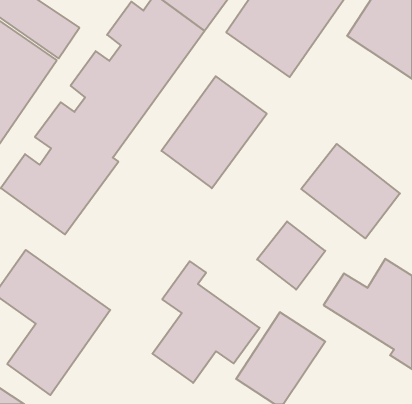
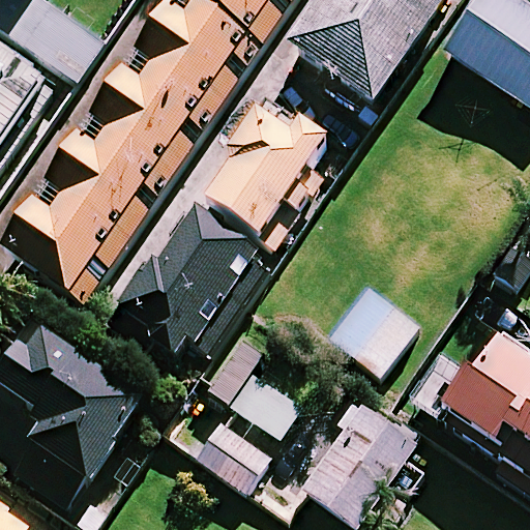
building: [301,144,400,238] -> none
building: none -> [116,203,271,351]

